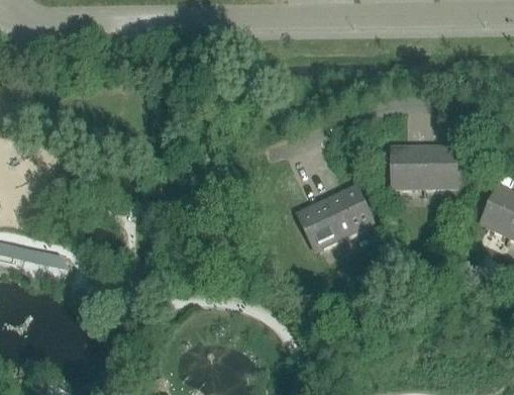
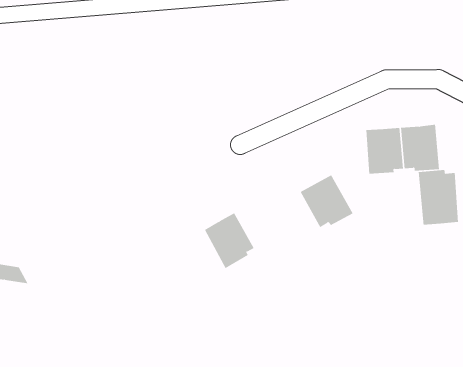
building: none -> [418,169,459,226]
building: [297,200,342,252] -> [204,213,254,269]

